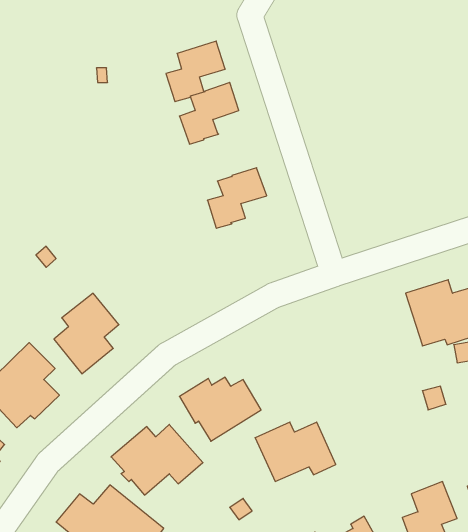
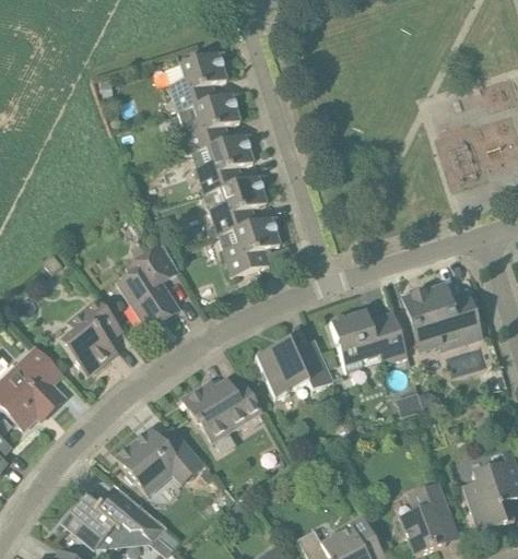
building: none -> [197,134,254,194]
building: none -> [223,216,281,276]
building: none -> [118,245,180,330]
building: none -> [331,311,408,372]
building: [255,422,336,481] -> [256,340,334,397]

